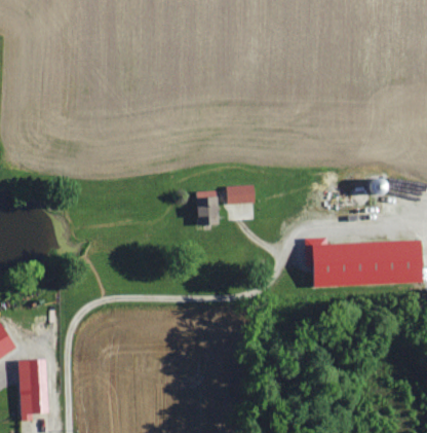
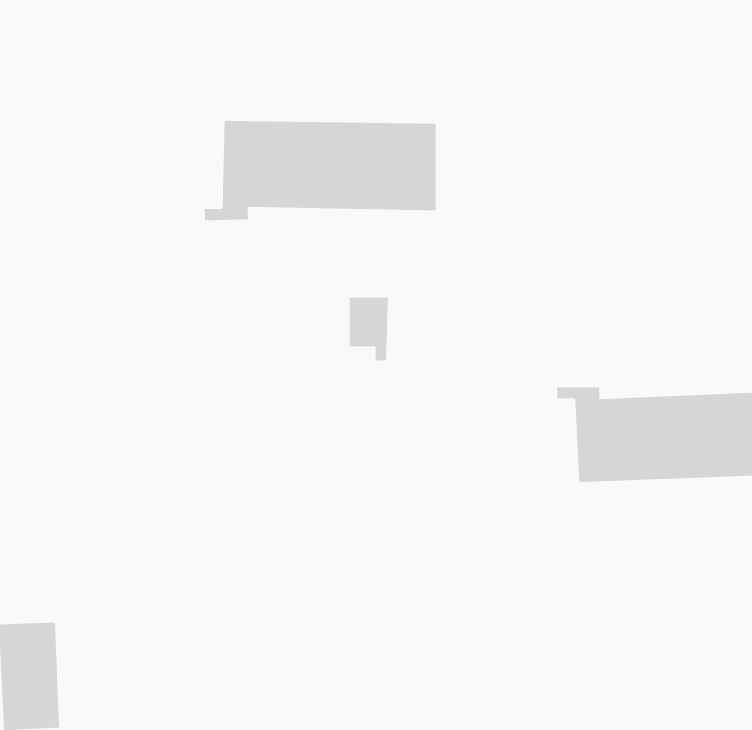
building: none -> [204,120,436,221]
building: [225,184,255,204] -> none

